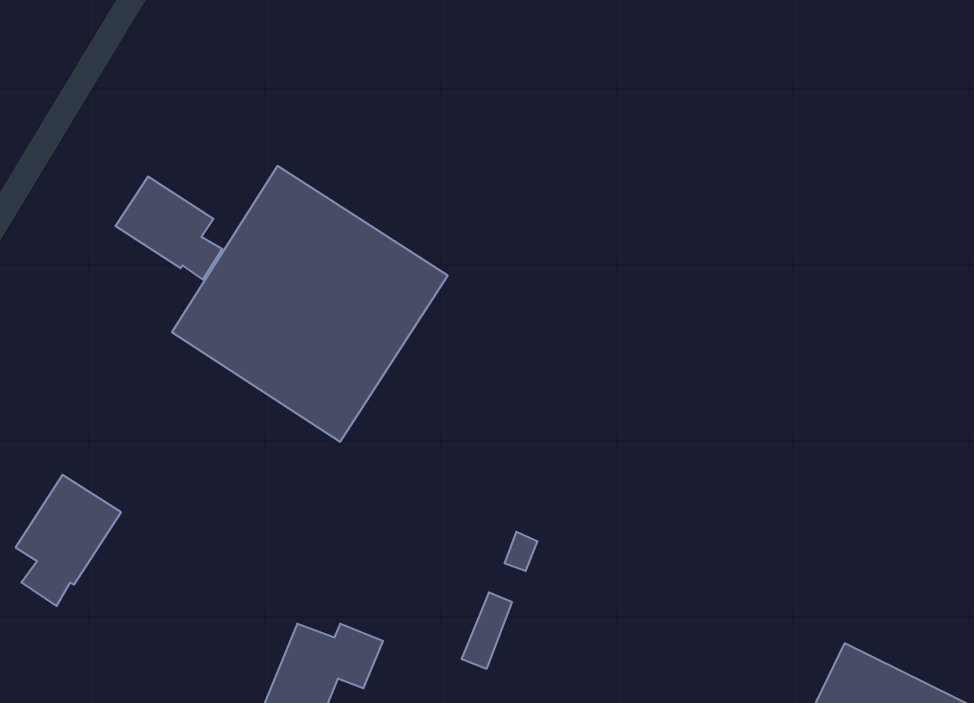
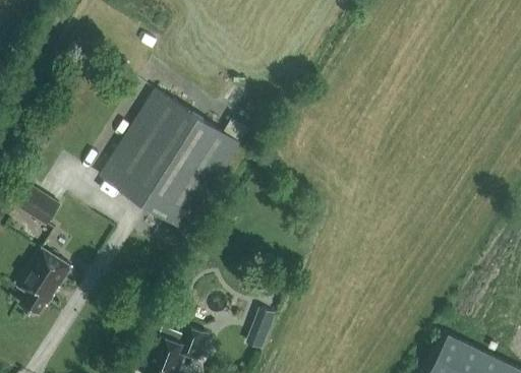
building: [115,176,222,280] -> none
building: none -> [16,185,60,226]

